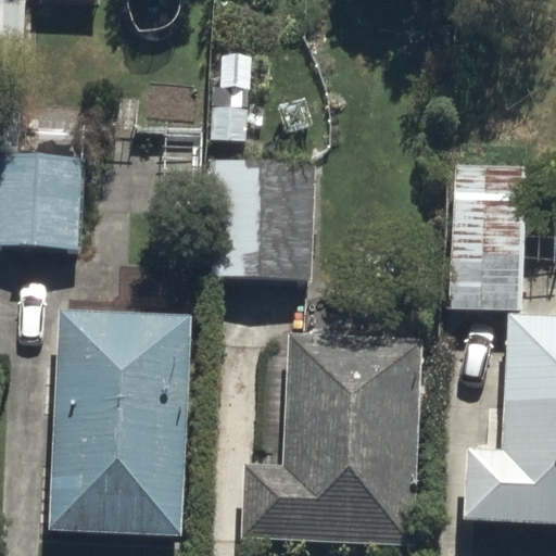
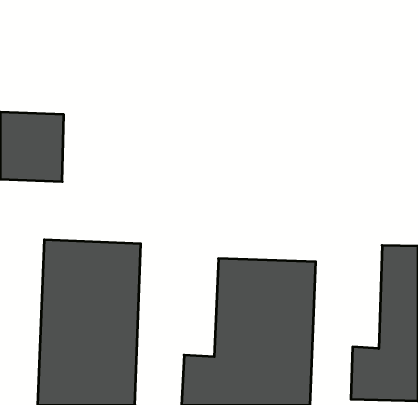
building: [452,161,522,314] -> none
building: [212,169,314,283] -> none

